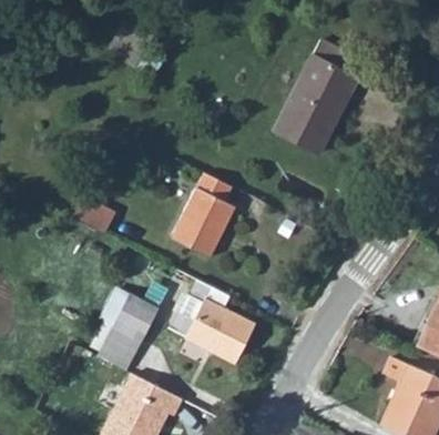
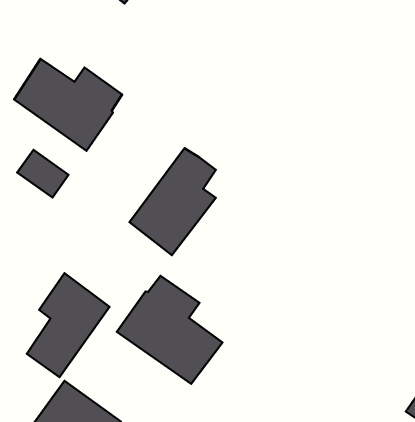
building: [269,47,355,161] -> none
building: none -> [14,59,122,151]

